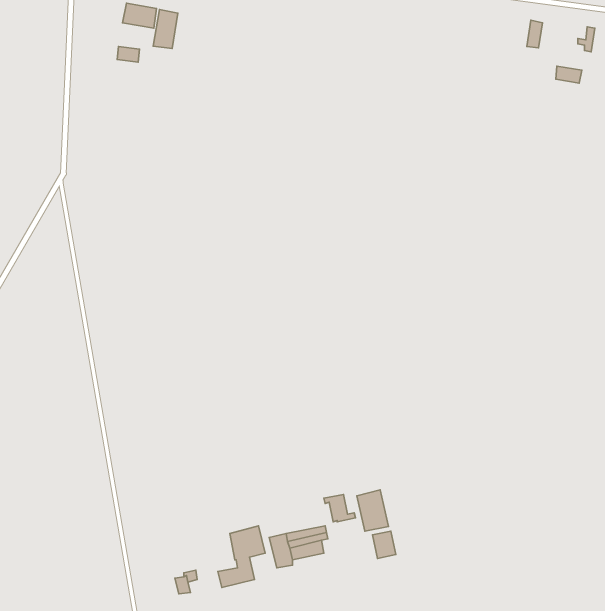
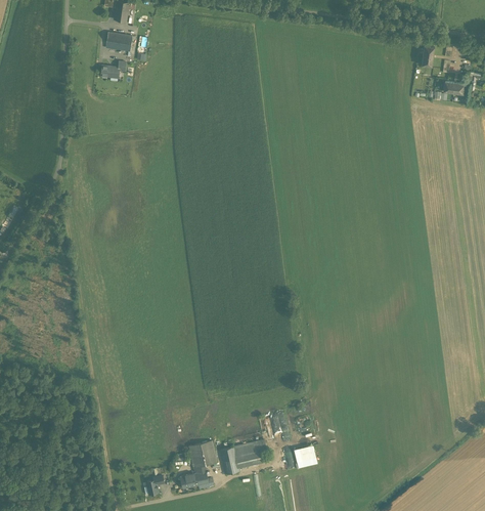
building: [153,9,178,48] -> none
building: [357,490,388,531] -> none

